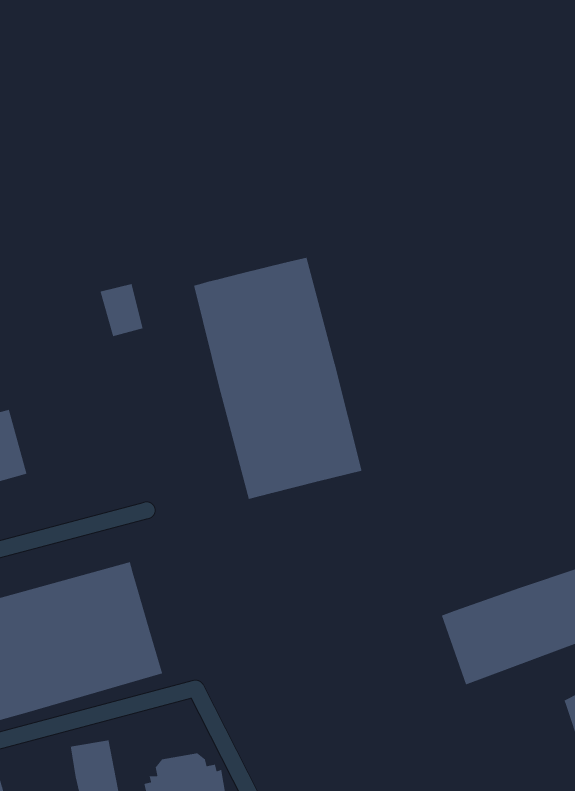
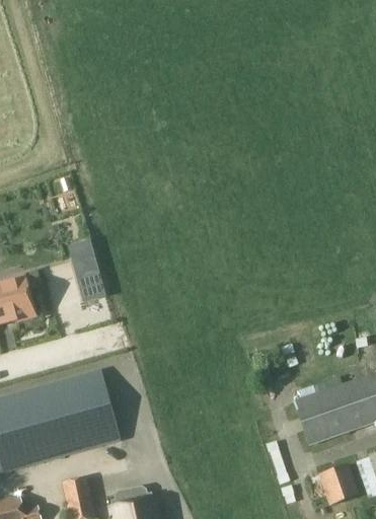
building: [193,257,362,500] -> none
building: [100,283,144,337] -> [74,251,101,285]
building: none -> [318,464,358,504]

